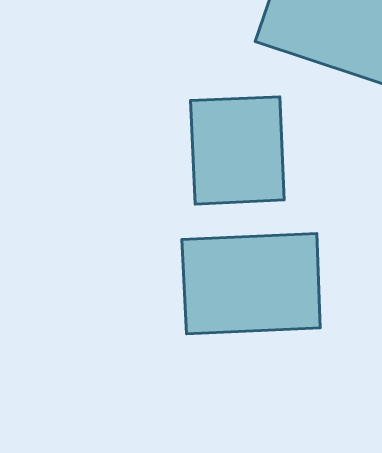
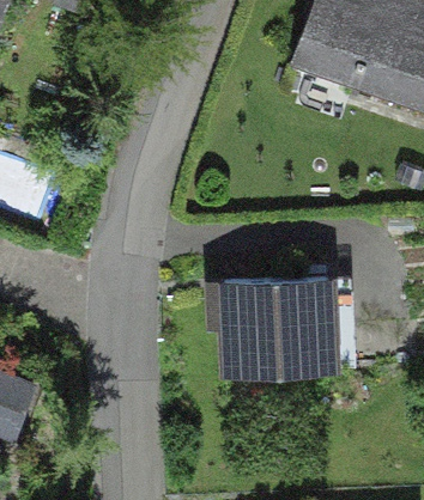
building: [191,97,284,204] -> none

